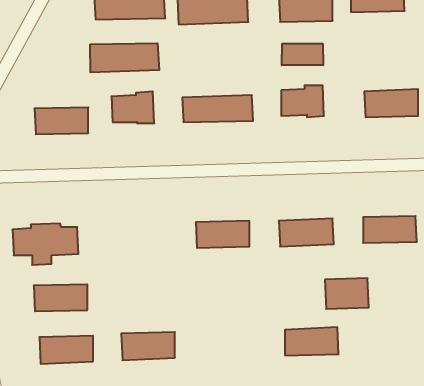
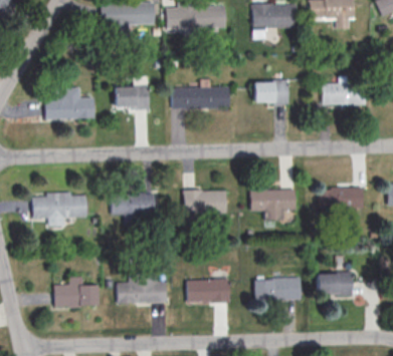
building: [90,43,159,72] -> none
building: [282,44,323,65] -> none
building: [325,278,369,309] -> [317,271,353,296]
building: [34,284,87,311] -> [110,194,154,216]
building: none -> [185,281,229,303]

